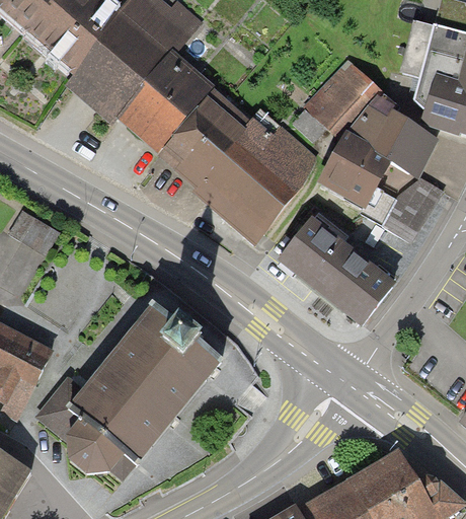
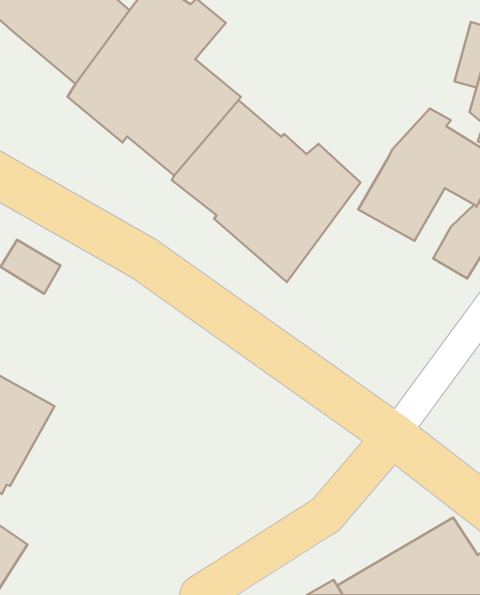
building: [304,58,382,136] -> none
building: [276,216,396,327] -> none
building: [32,302,223,480] -> none

